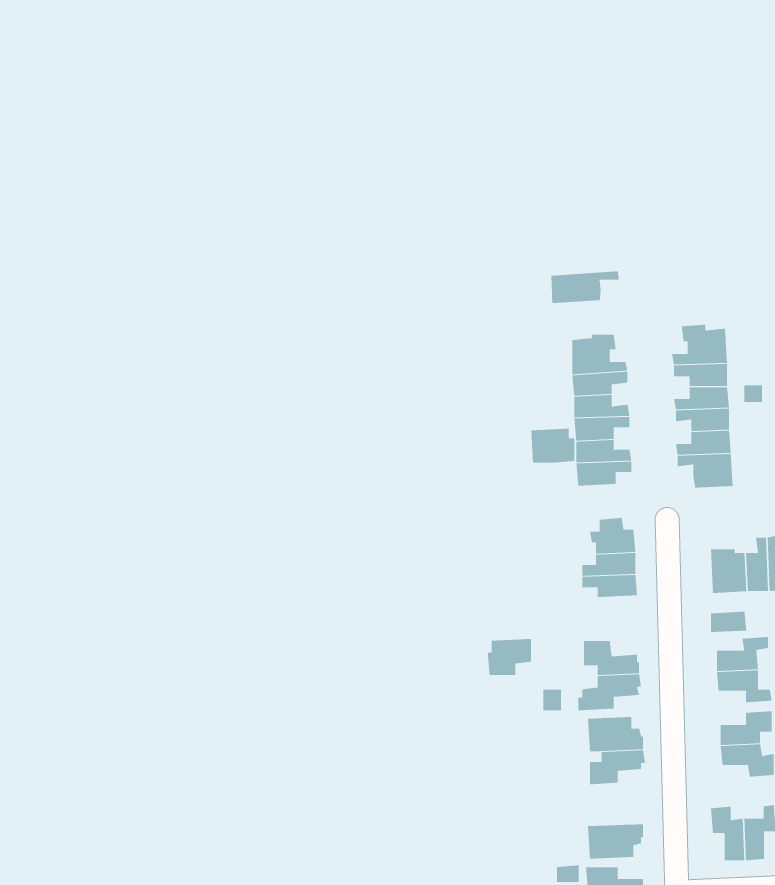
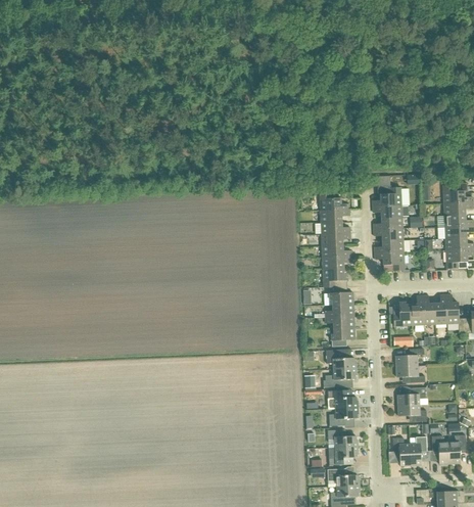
building: [551,270,619,304] -> none
building: [530,428,575,463] -> [323,269,346,287]
building: [487,638,532,676] -> [331,327,354,347]
building: none -> [327,429,358,448]

